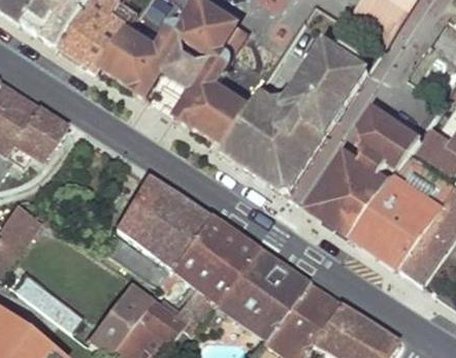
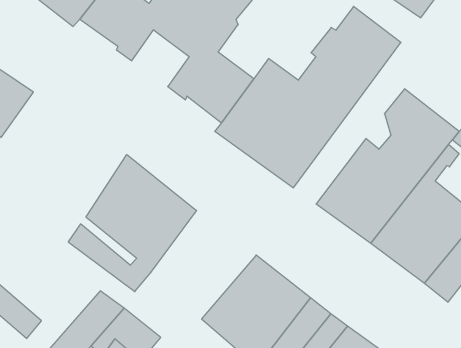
building: [171,216,258,319] -> none

